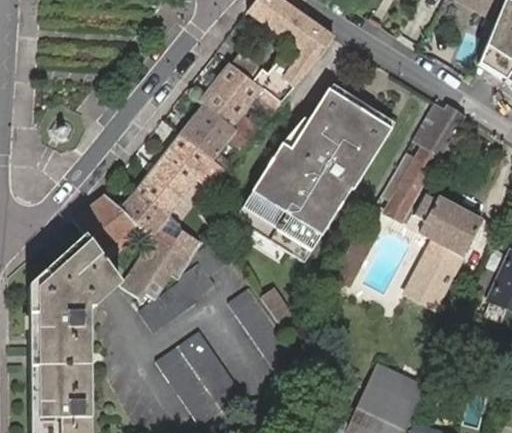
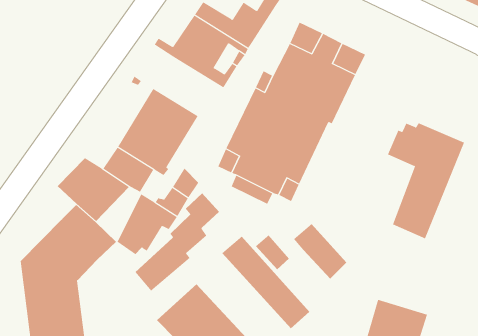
building: [382,101,466,224] -> none
building: [180,104,250,167] -> none
building: none -> [293,223,347,279]

